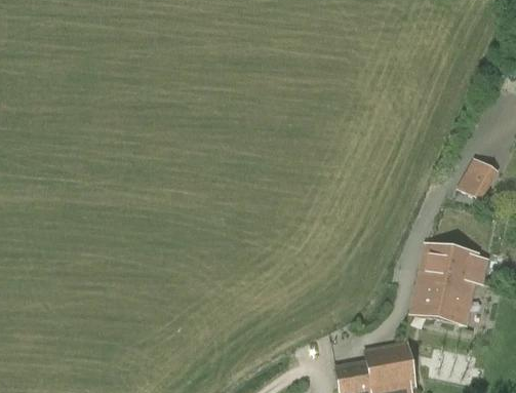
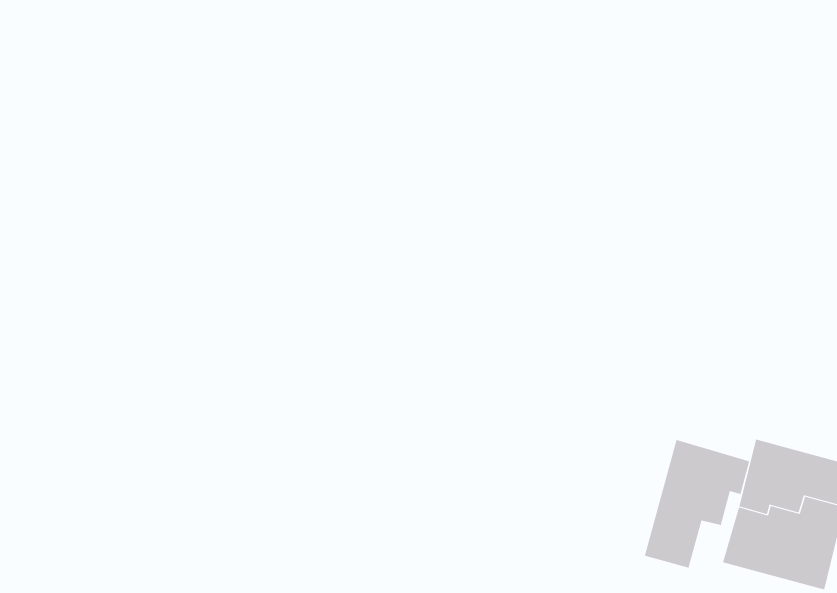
building: none -> [644,439,750,568]

